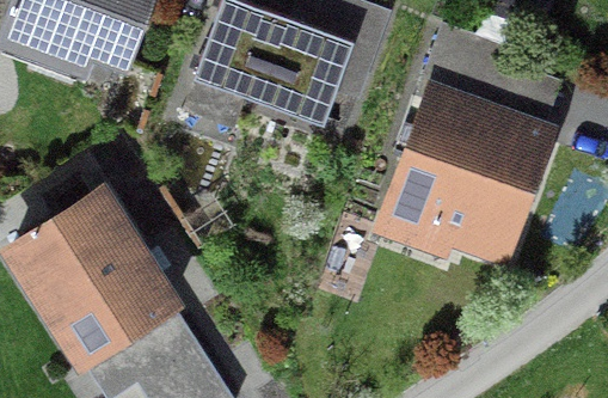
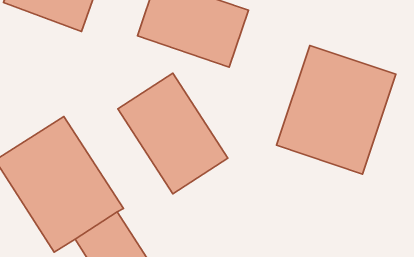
building: none -> [118,73,228,194]

